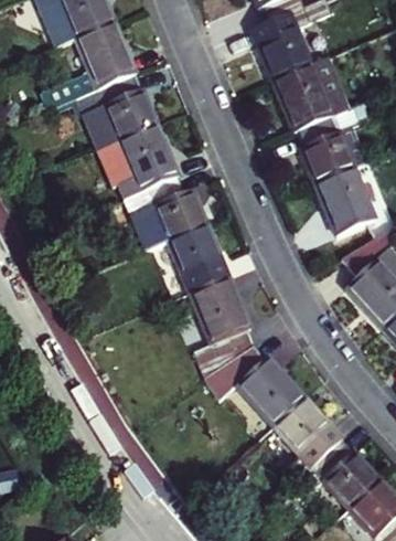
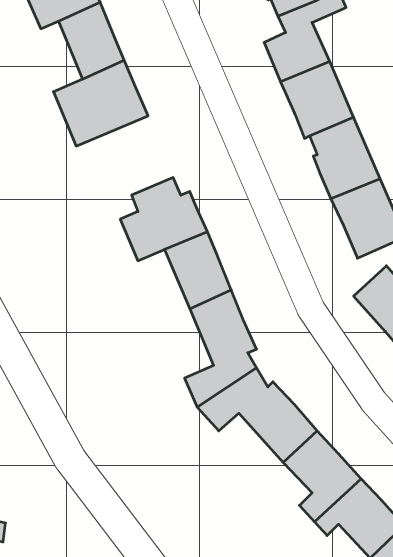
building: [90,114,175,190] -> none

